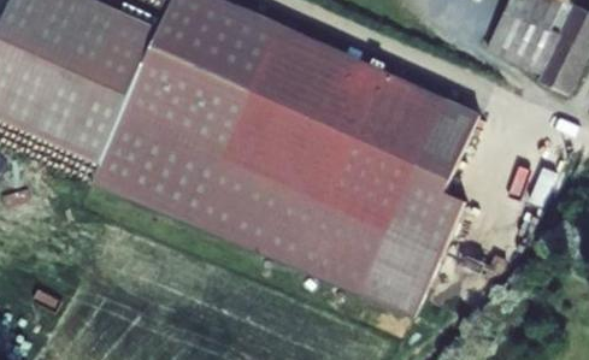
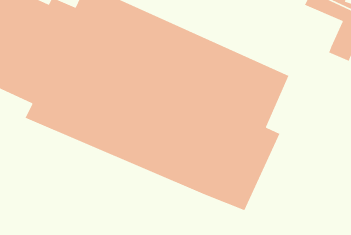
building: [487,11,559,72] -> none

